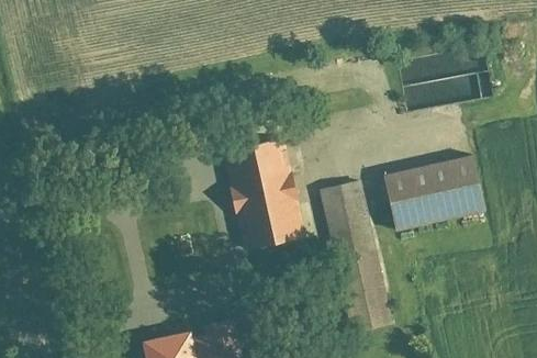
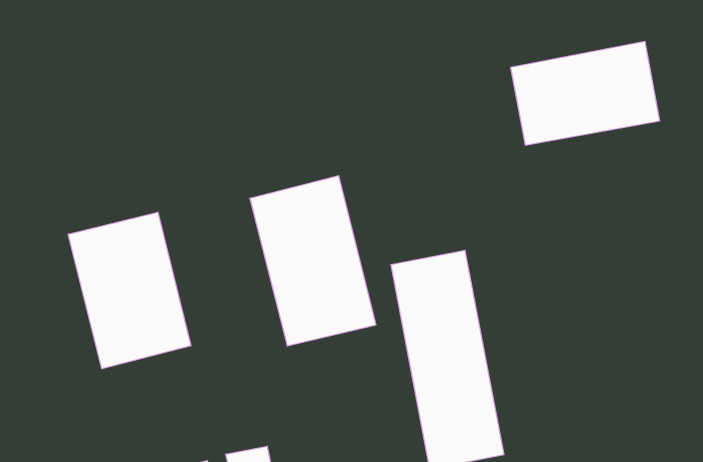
building: [385,155,484,228] -> none
building: none -> [68,212,191,369]

